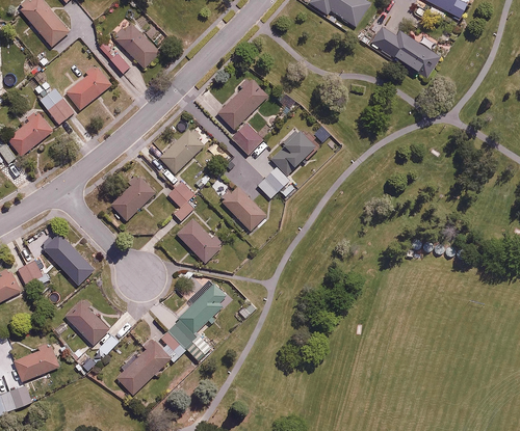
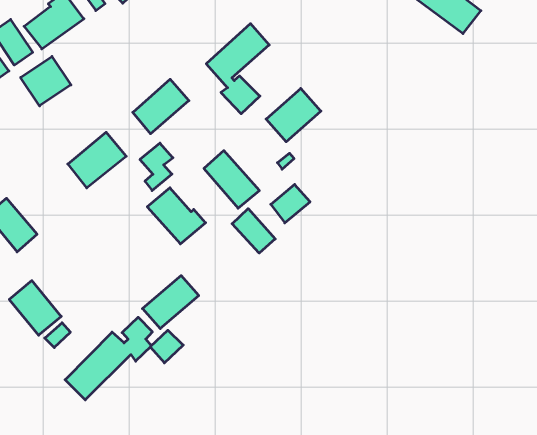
building: none -> [21,56,71,106]
building: [258,166,290,198] -> [271,184,310,223]
building: none -> [232,209,275,253]

